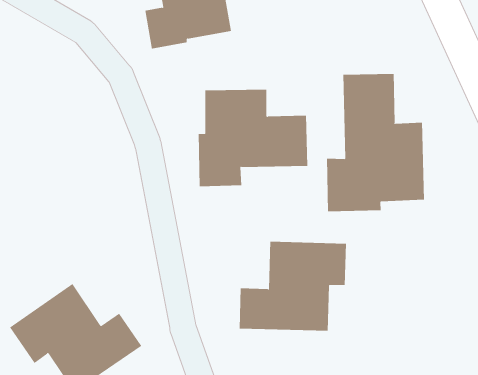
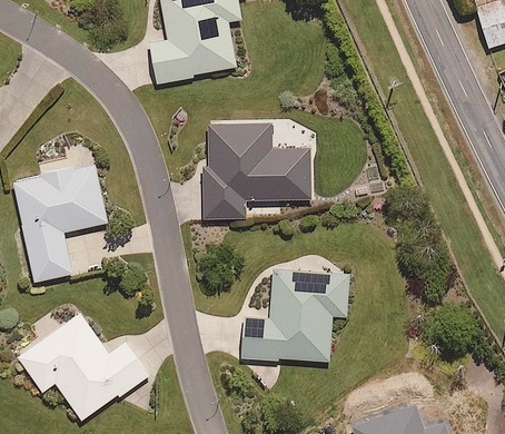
building: [326,73,424,212] -> none
building: none -> [13,161,107,283]

